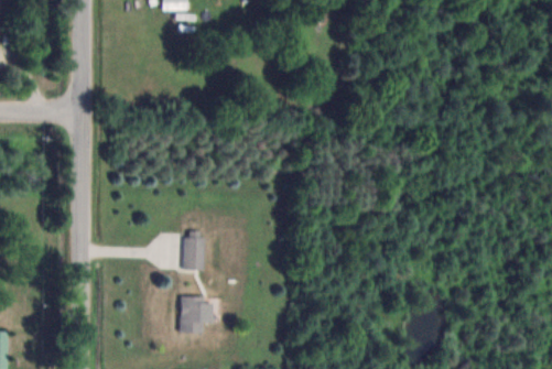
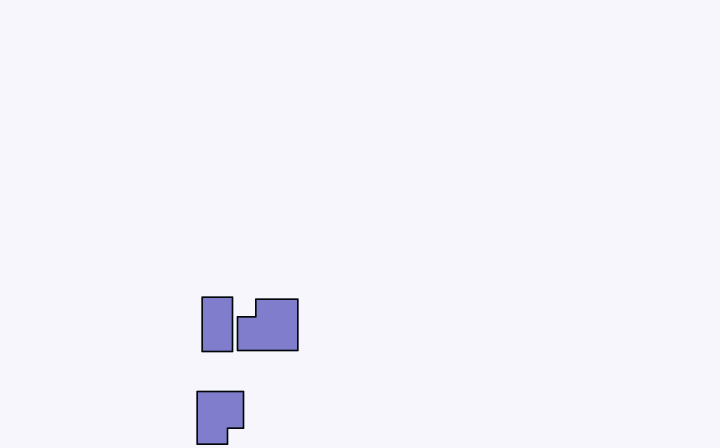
building: none -> [238,299,298,350]

